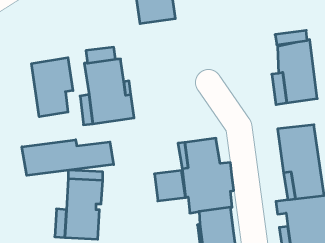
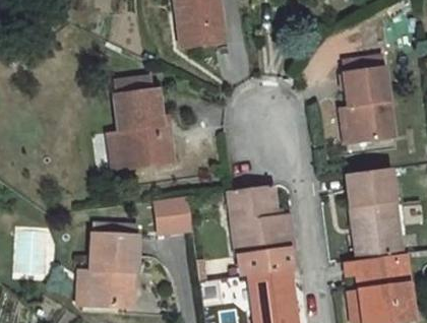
building: [32,58,73,117] -> none
building: [22,140,114,175] -> none
building: [154,171,186,201] -> [155,196,192,233]

